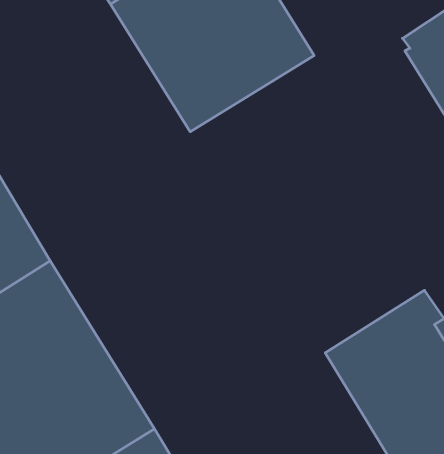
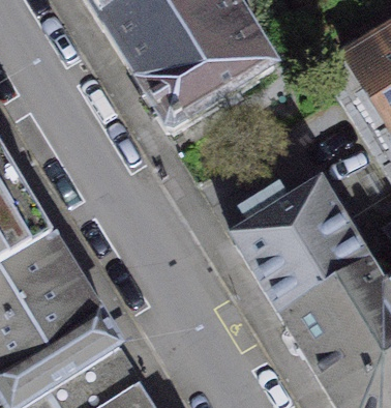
building: none -> [234,180,368,313]

